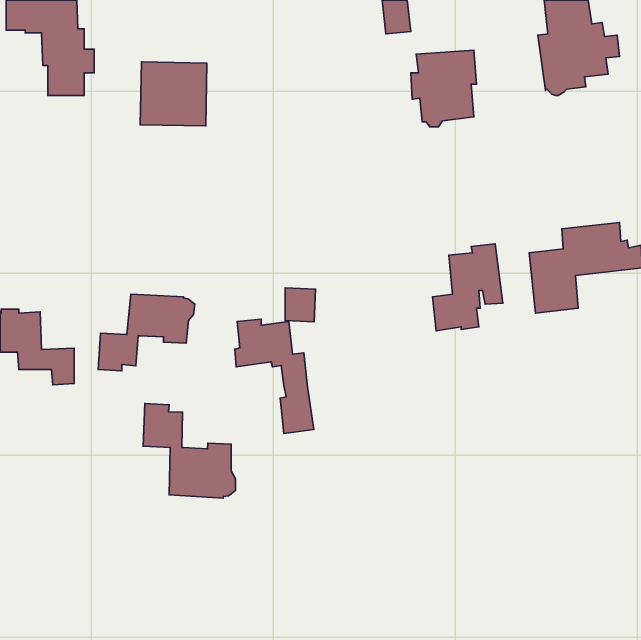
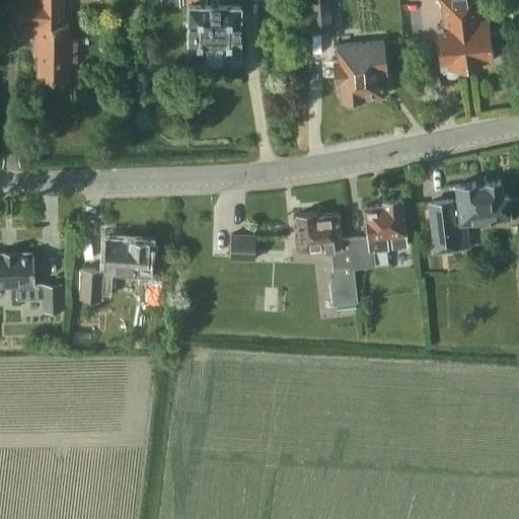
building: [140,62,207,126] -> [187,6,240,58]
building: [235,319,314,433] -> [294,214,358,306]
building: [143,403,236,498] -> none

